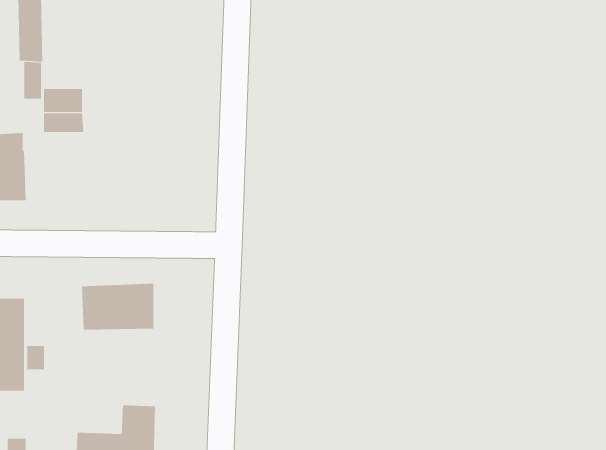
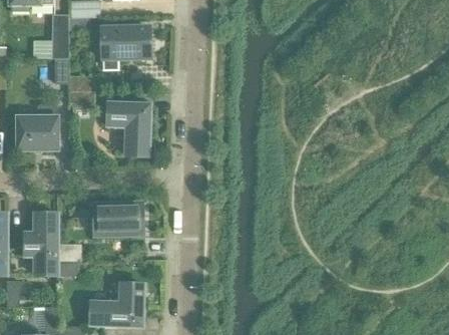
building: none -> [101,26,149,68]
building: none -> [106,102,149,154]

